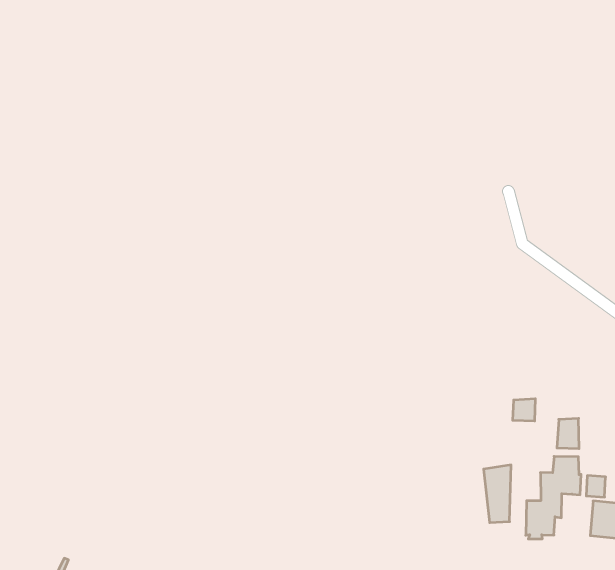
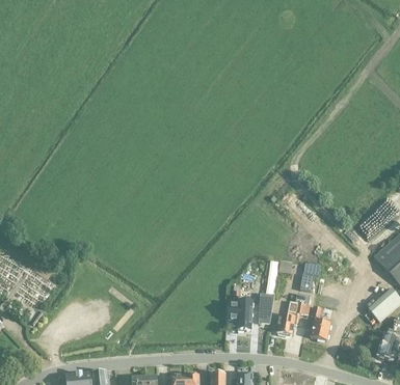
building: none -> [231,284,250,328]

